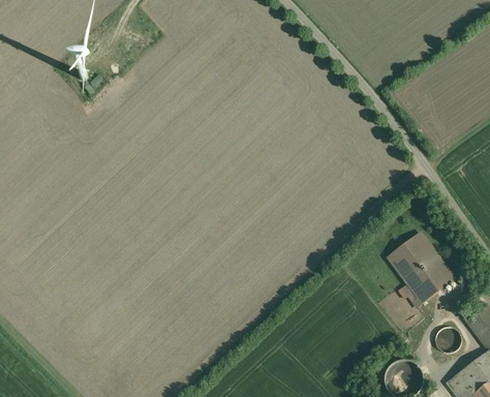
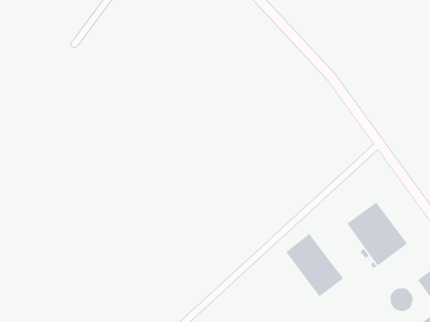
building: none -> [286,233,344,297]

